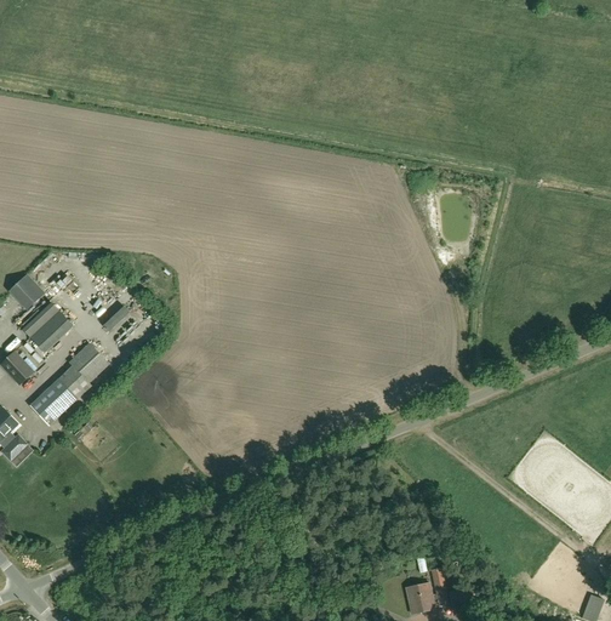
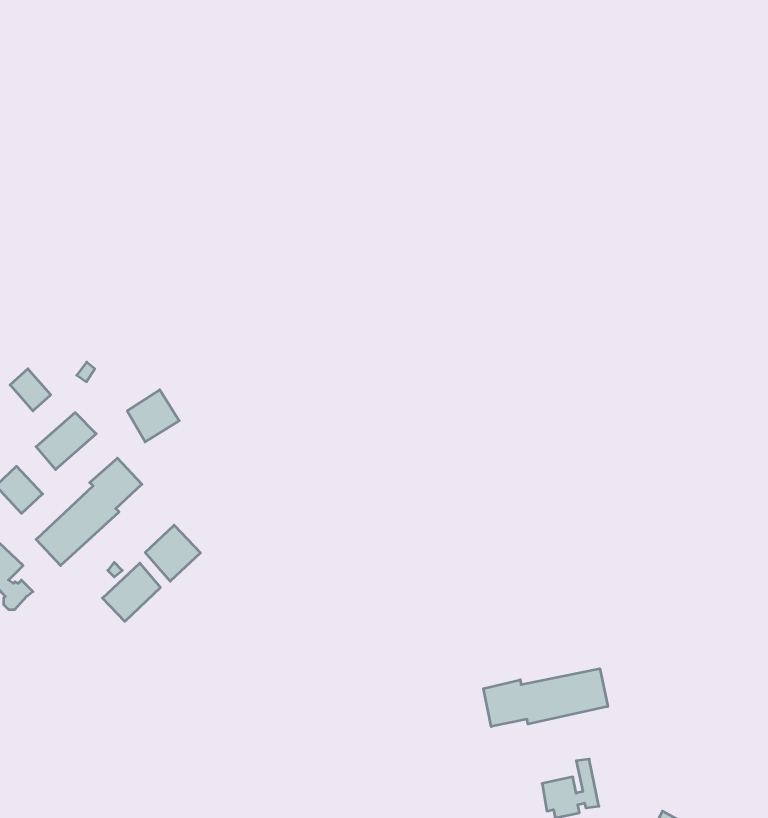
building: none -> [145,525,200,581]
building: none -> [102,563,160,621]
building: none -> [483,669,608,727]

